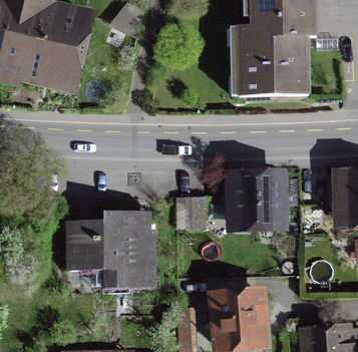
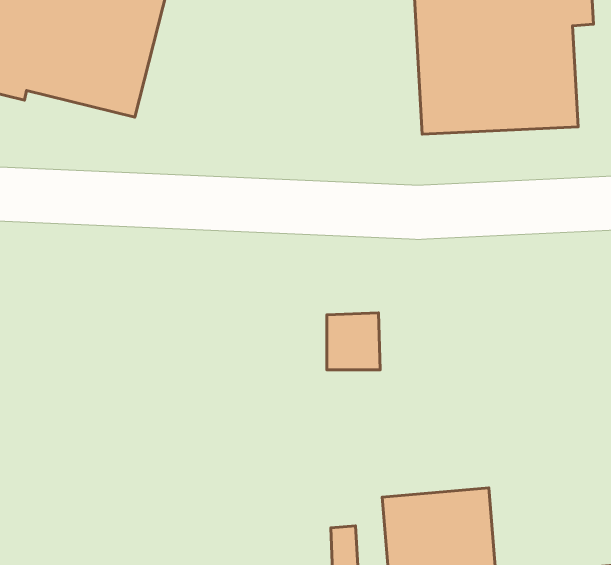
building: [221,174,280,225] -> none
building: [62,212,153,289] -> none

